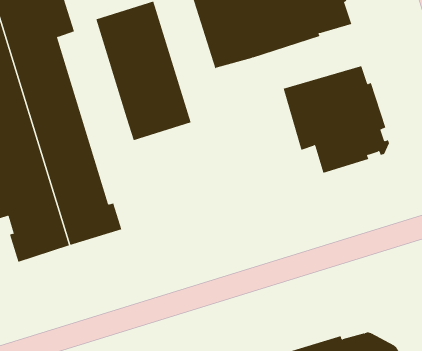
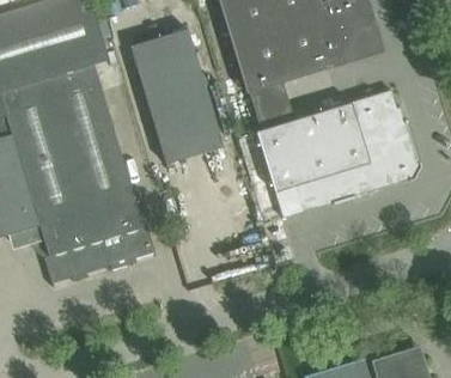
building: none -> [249,84,353,212]

